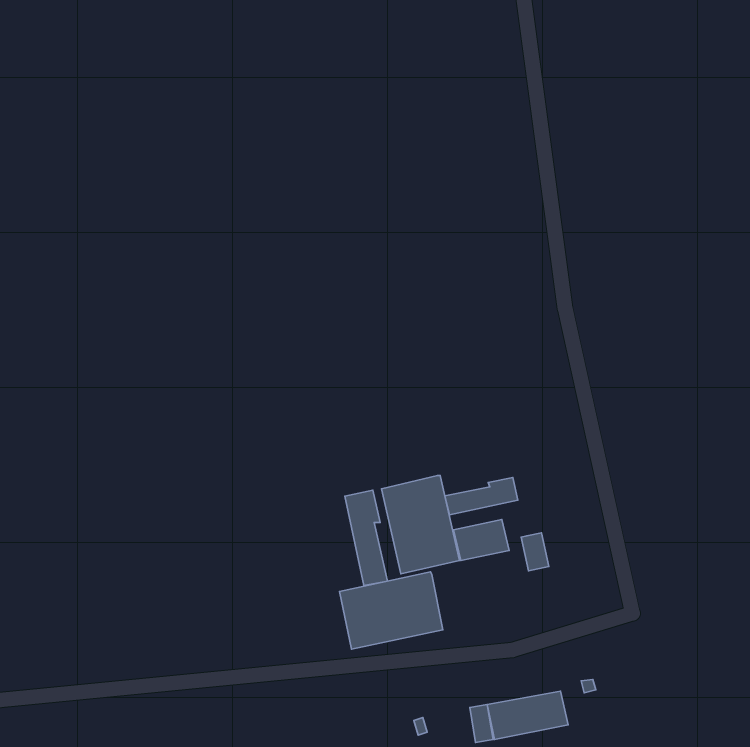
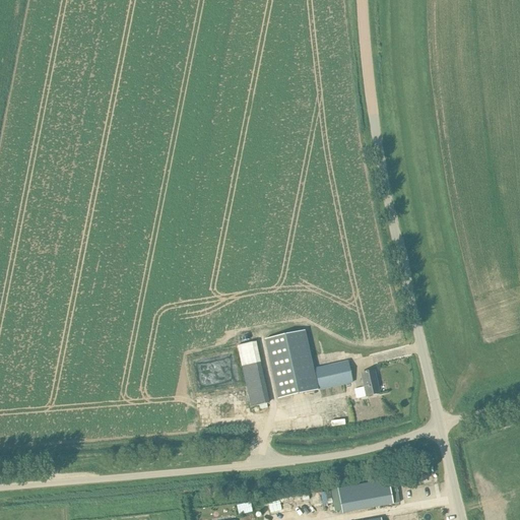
building: [445,478,518,515] -> none
building: [339,572,443,649] -> none

